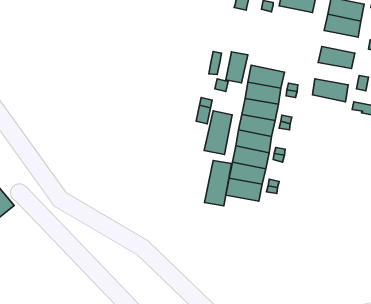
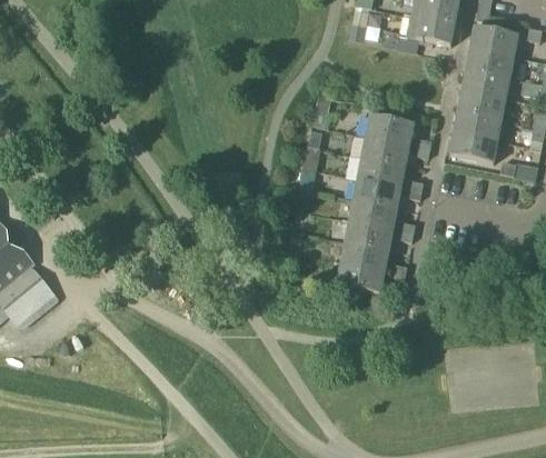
building: none -> [461,69,509,99]
building: [226,52,248,83] -> none
building: none -> [453,111,500,140]
building: [204,111,232,155] -> none
building: [205,160,231,206] -> none

